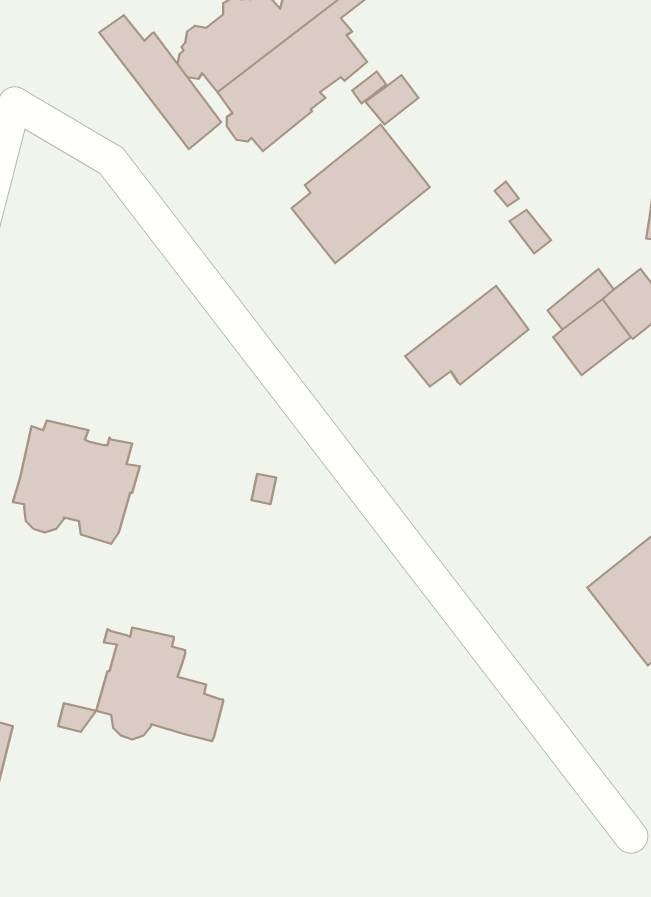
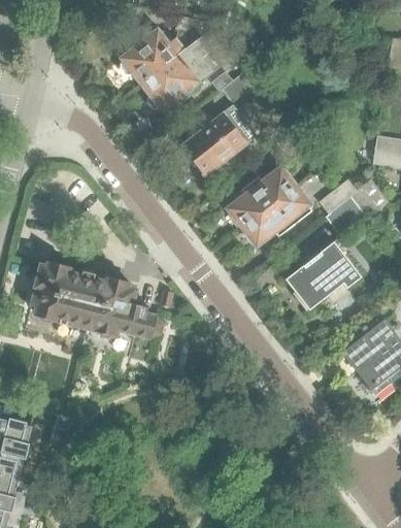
building: [99,15,221,149] -> none
building: none -> [230,157,293,226]
building: none -> [285,241,360,309]
building: [96,627,223,741] -> [88,276,157,338]

